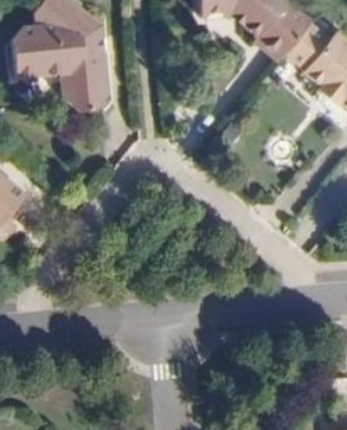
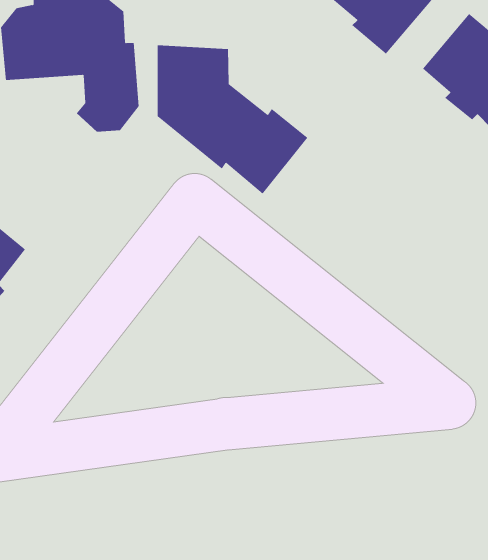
building: none -> [157,45,308,194]

